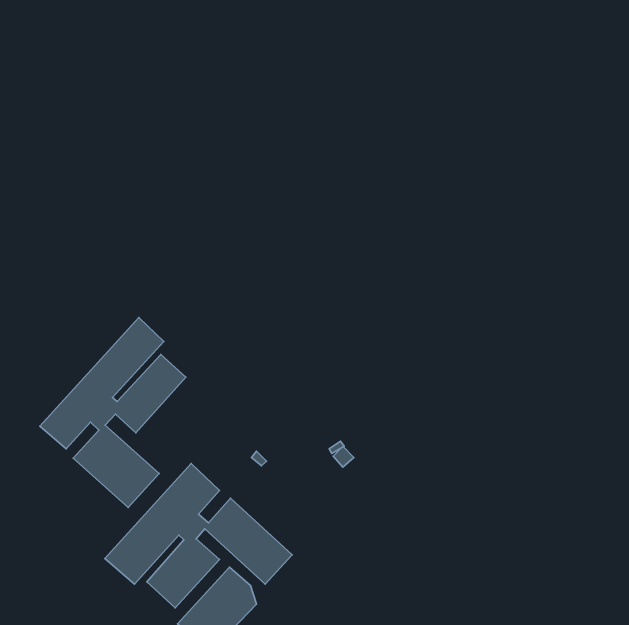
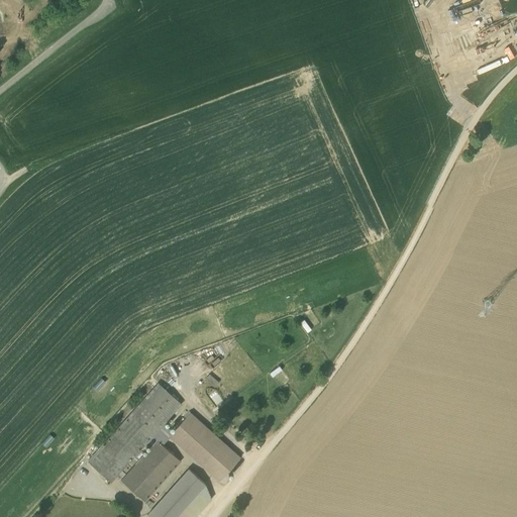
building: [40,318,186,508] -> none

